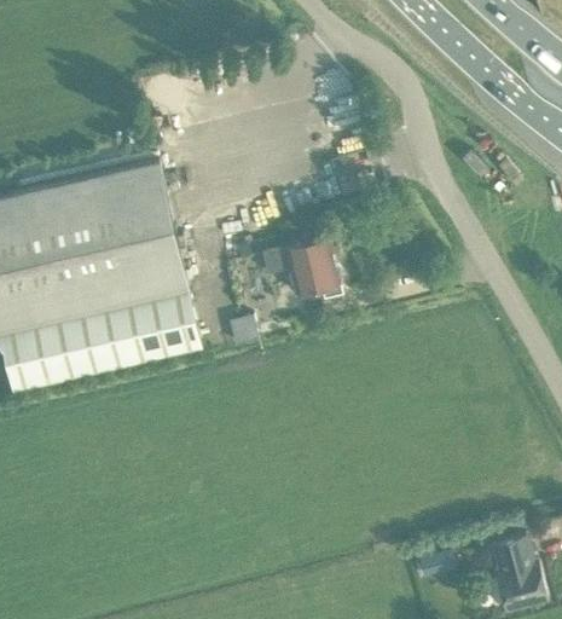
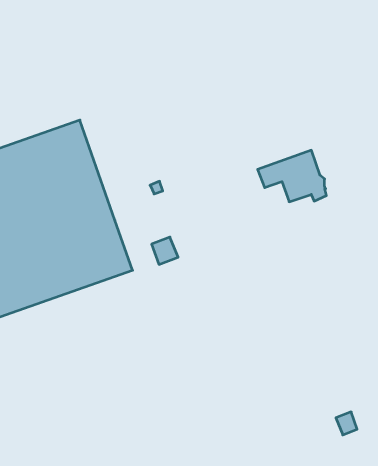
building: [259,235,338,296] -> [258,150,326,202]

